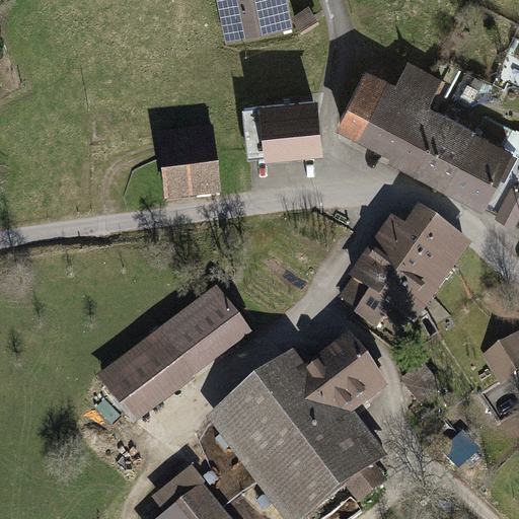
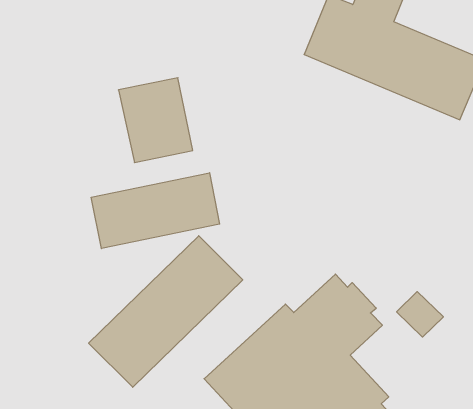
building: [256,92,322,151] -> none
building: [341,209,468,330] -> none
building: none -> [91,173,220,249]

